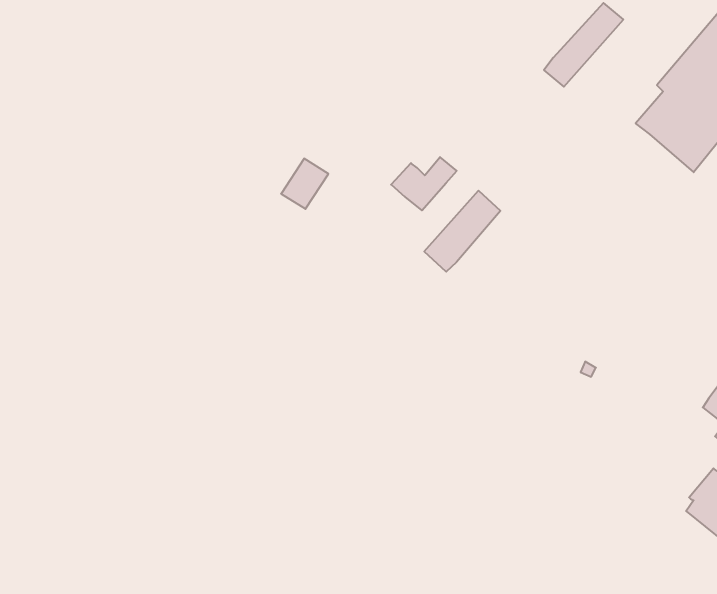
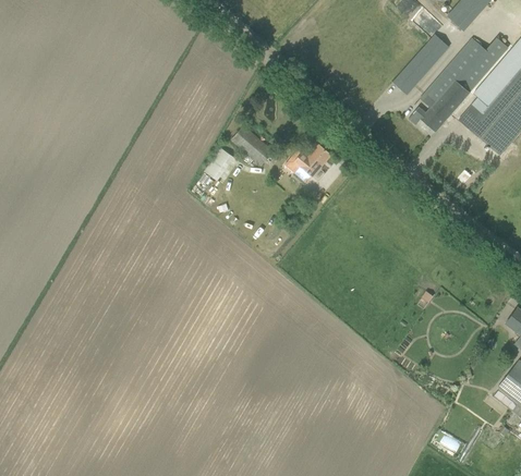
building: none -> [409,37,508,132]
building: none -> [230,125,272,166]
building: [424,191,500,272] -> none

